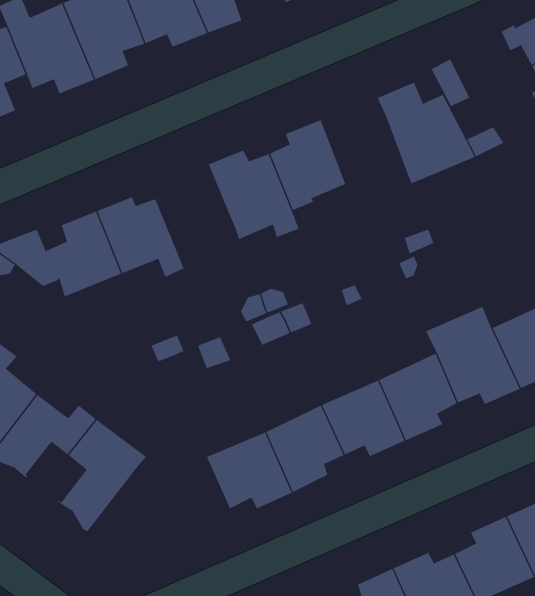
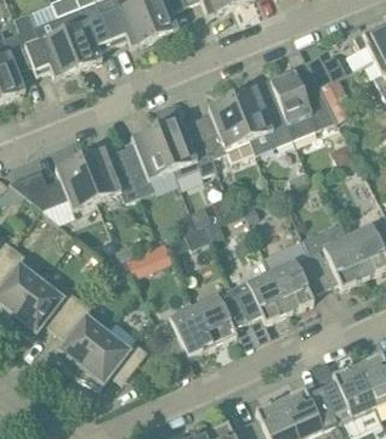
building: none -> [232,85,293,153]
building: none -> [120,125,174,196]
building: none -> [74,332,148,389]

